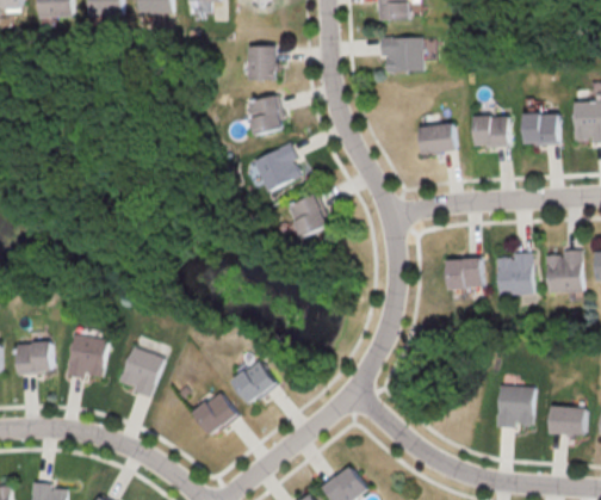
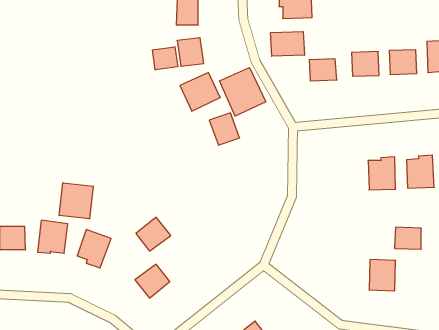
building: none -> [271,32,304,56]
building: none -> [152,47,178,70]
building: none -> [219,68,266,116]
building: [447,258,482,288] -> none
building: none -> [59,183,93,219]
building: [233,359,278,403] -> [136,217,171,251]
building: [549,406,583,434] -> [395,227,421,249]

